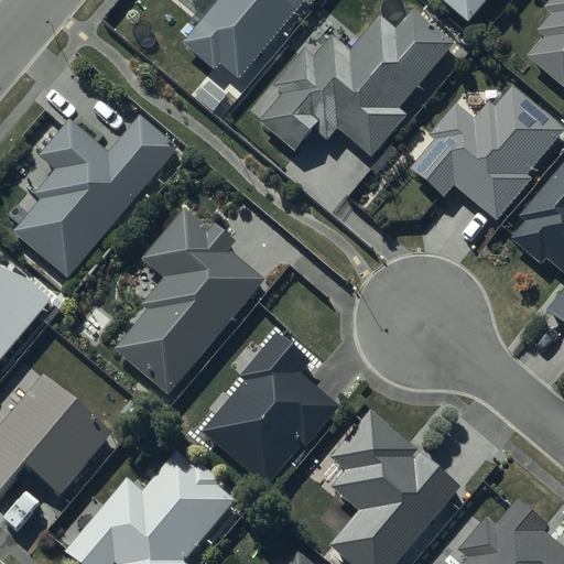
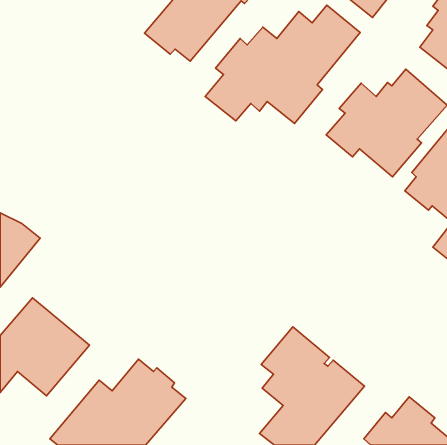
building: [13,115,177,278] -> none
building: [116,210,263,397] -> none
building: [203,334,339,484] -> none

